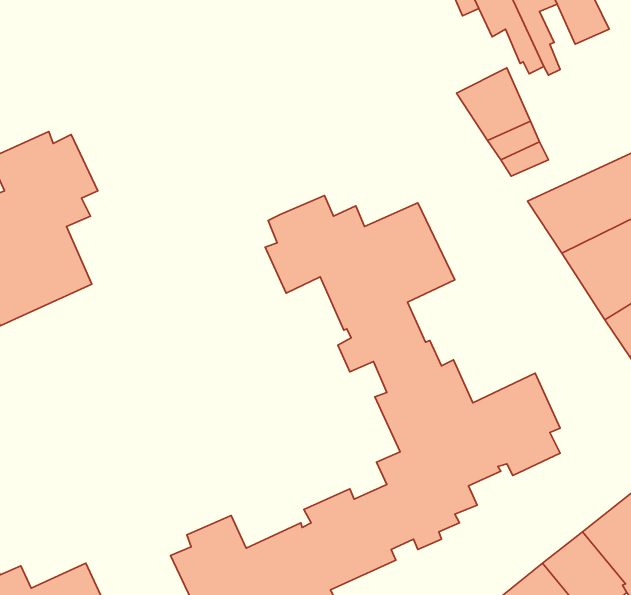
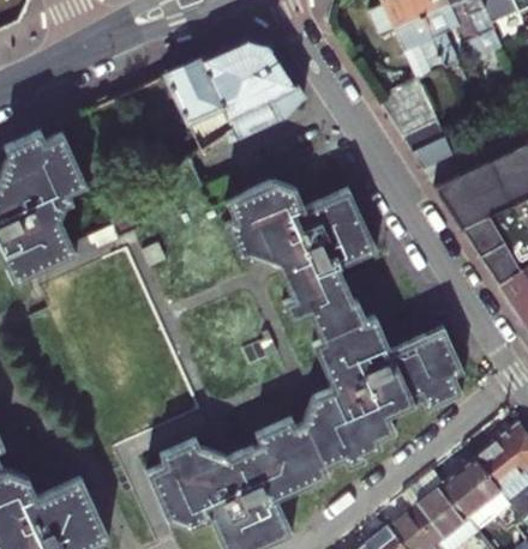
building: none -> [167,38,306,149]

